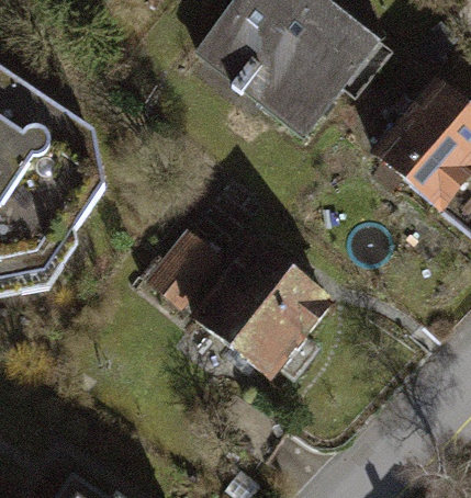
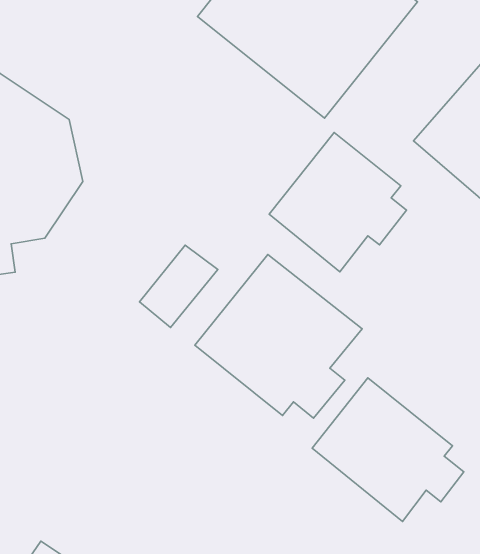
building: none -> [269,132,406,272]
building: none -> [312,378,464,521]

